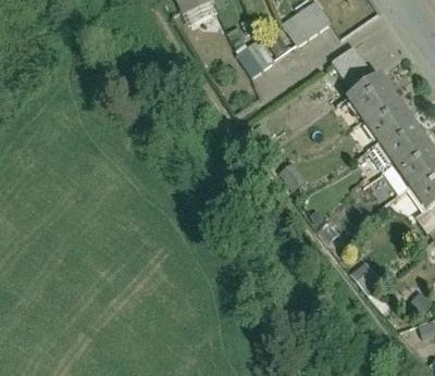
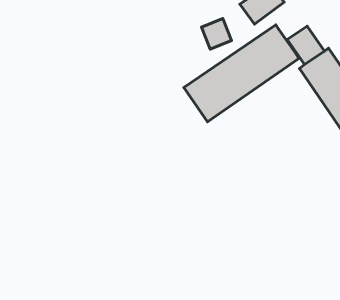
building: none -> [184,25,299,122]

